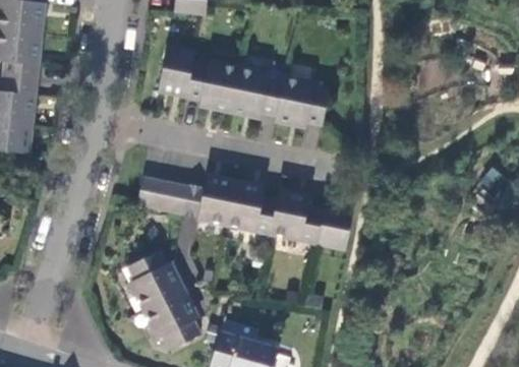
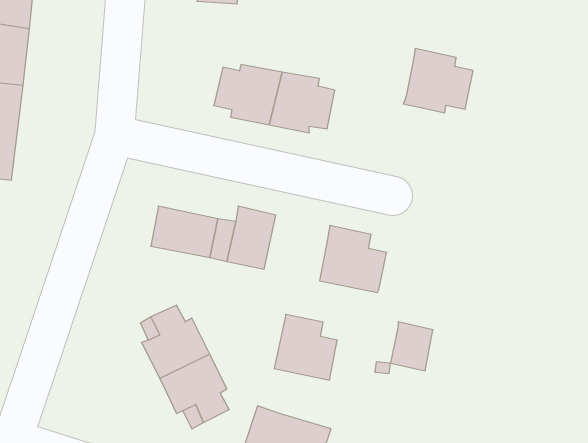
building: [159,48,196,96] -> none
building: [275,76,330,127] -> [403,49,473,113]
building: [227,182,277,234] -> [274,314,337,380]
building: [318,208,351,247] -> [390,322,433,371]

